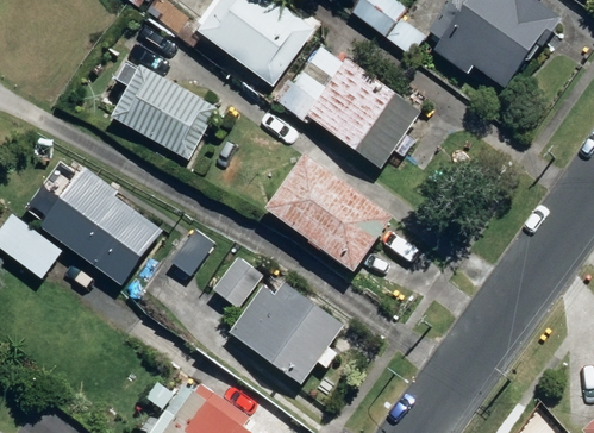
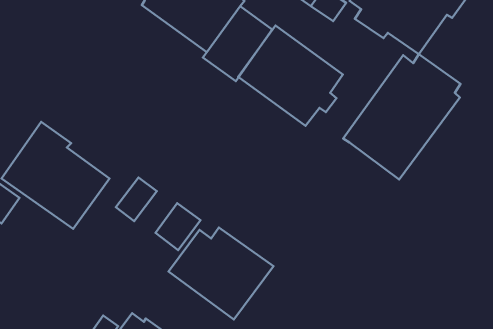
building: [111,65,218,161] -> none
building: none -> [343,54,461,180]
building: [264,155,394,274] -> none

